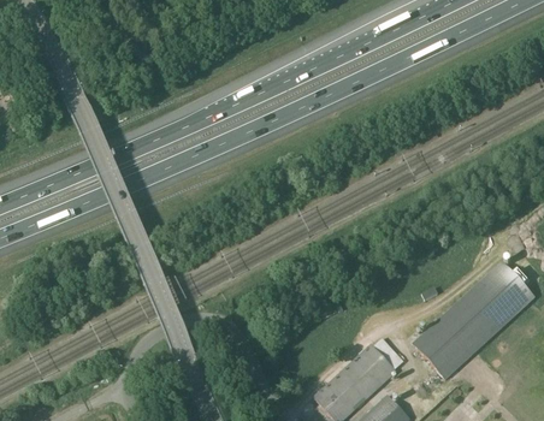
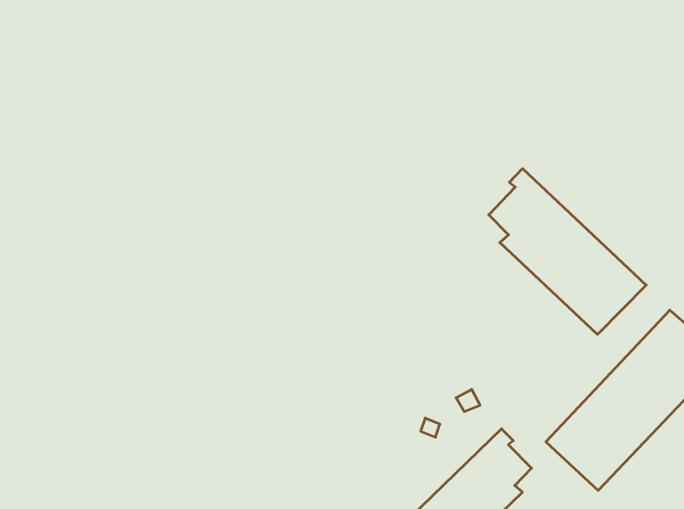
building: none -> [489,169,646,334]

